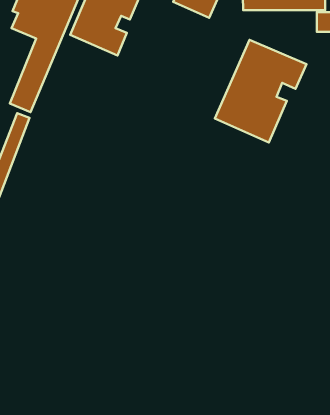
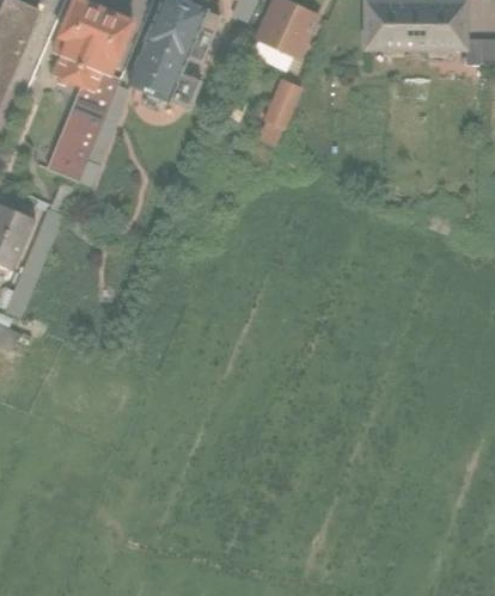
building: none -> [262,80,299,129]
building: [215,40,307,142] -> none

